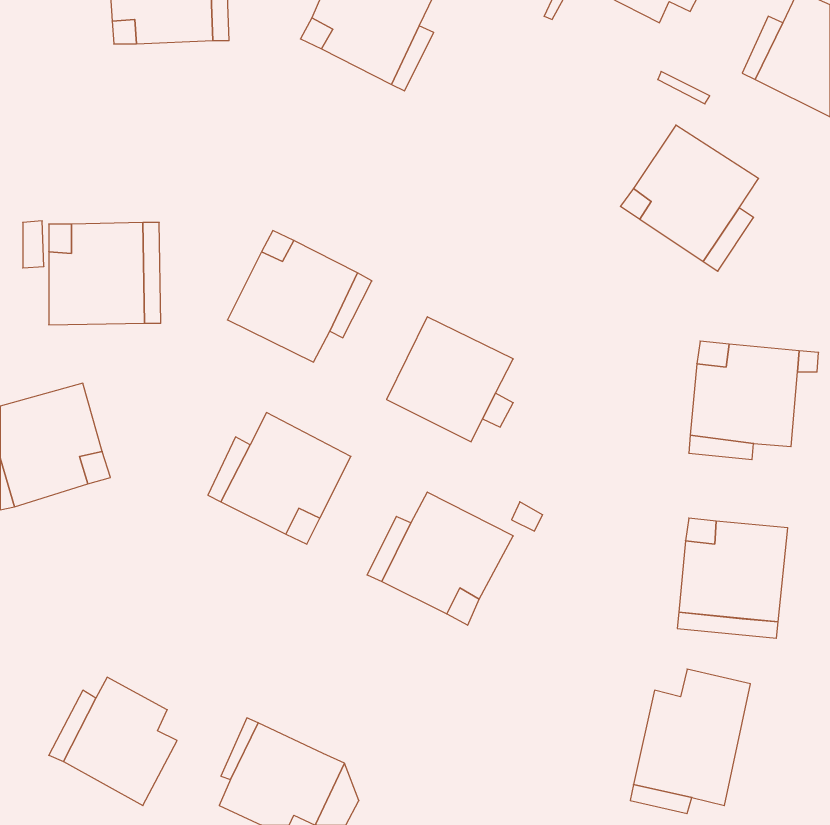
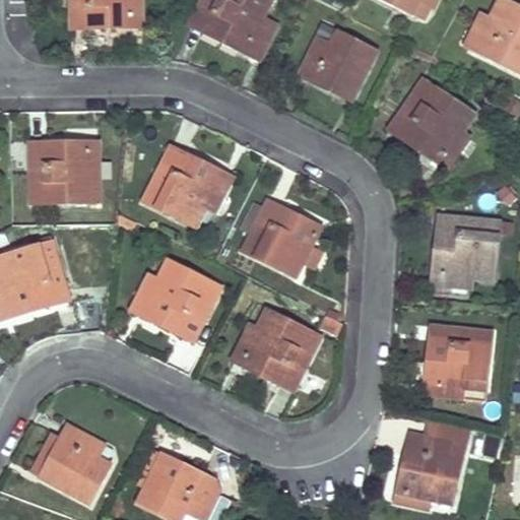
building: none -> [298,28,377,101]

